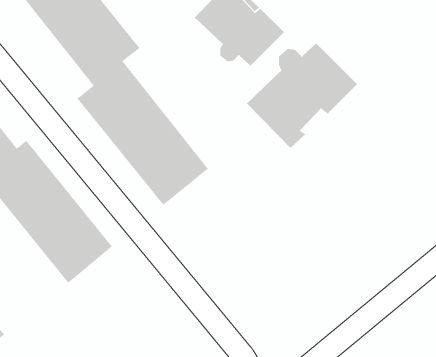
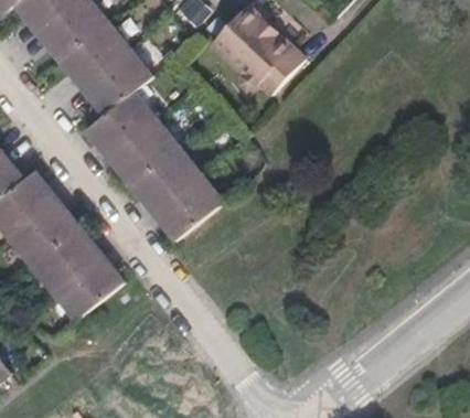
building: [246,43,358,149] -> none

